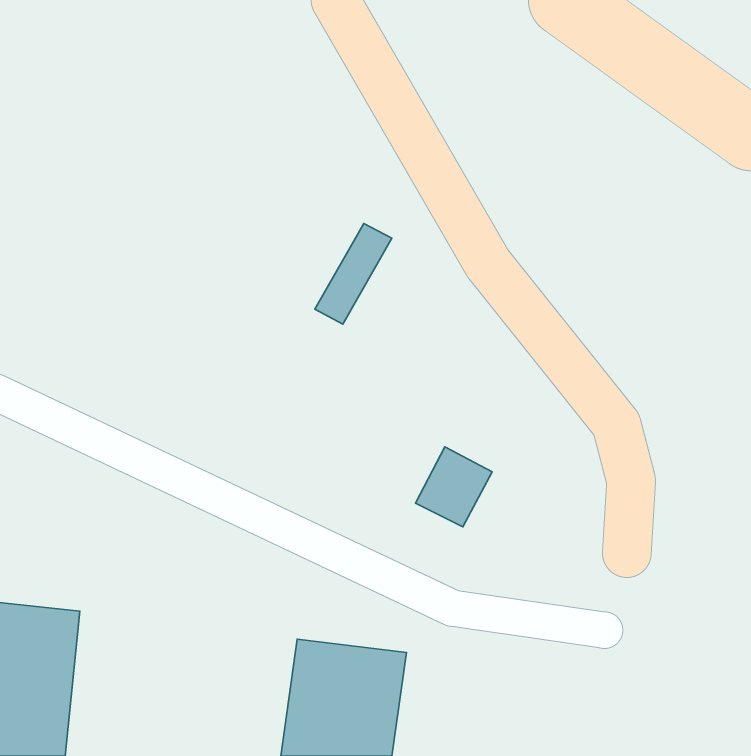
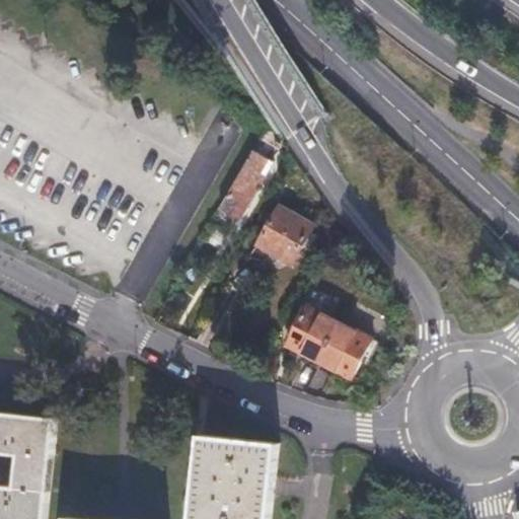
building: none -> [252,206,309,265]
building: none -> [317,323,369,377]

